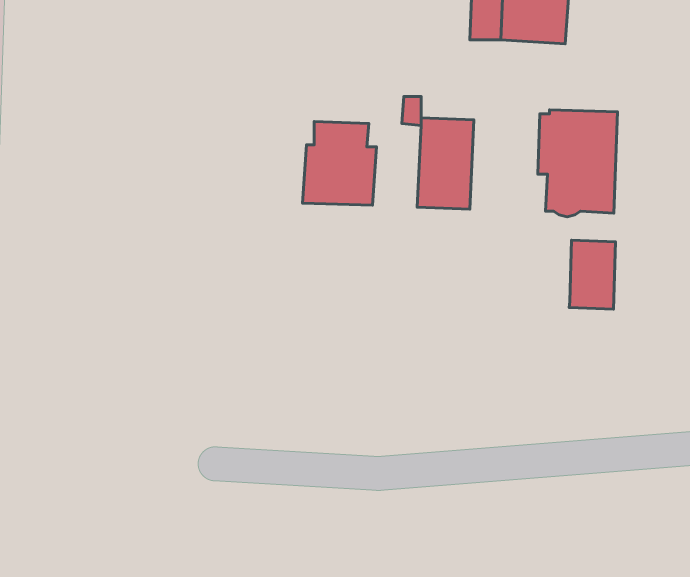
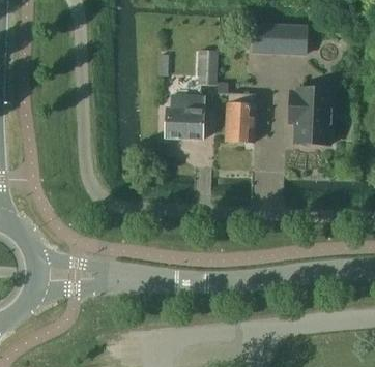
building: none -> [198,51,218,84]
building: [569,240,616,309] -> none

